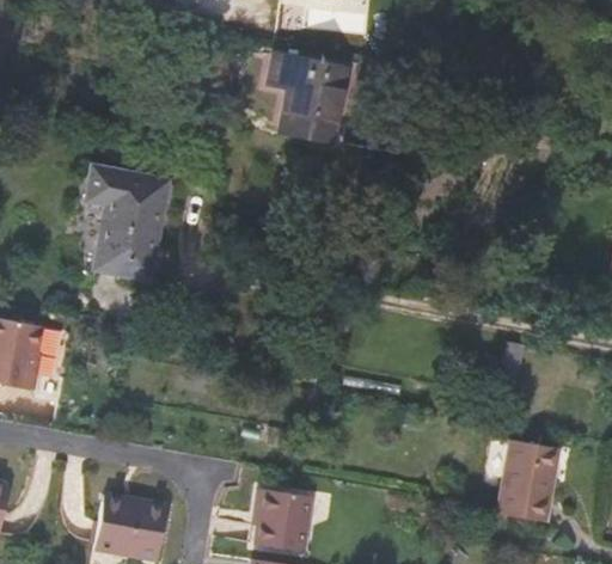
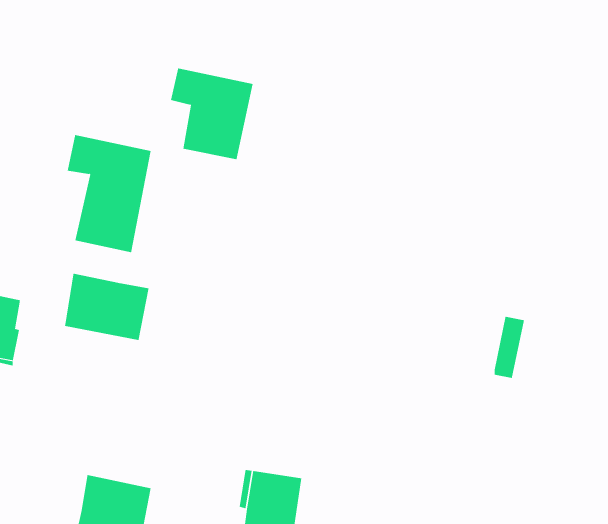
building: [267,53,347,141] -> [170,68,254,160]
building: none -> [64,273,149,341]
building: [498,441,559,522] -> none

